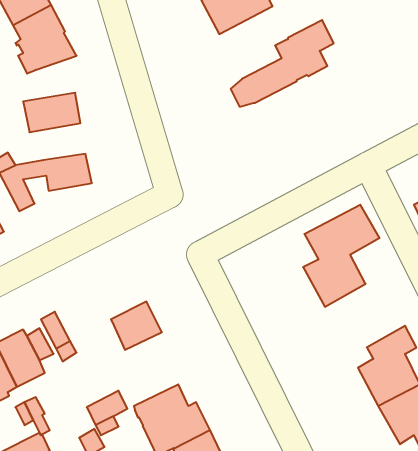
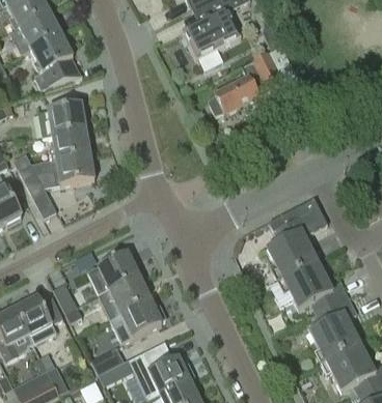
building: none -> [43,128,88,159]
building: none -> [87,251,138,294]
building: none -> [283,259,349,311]
building: none -> [109,298,166,343]

